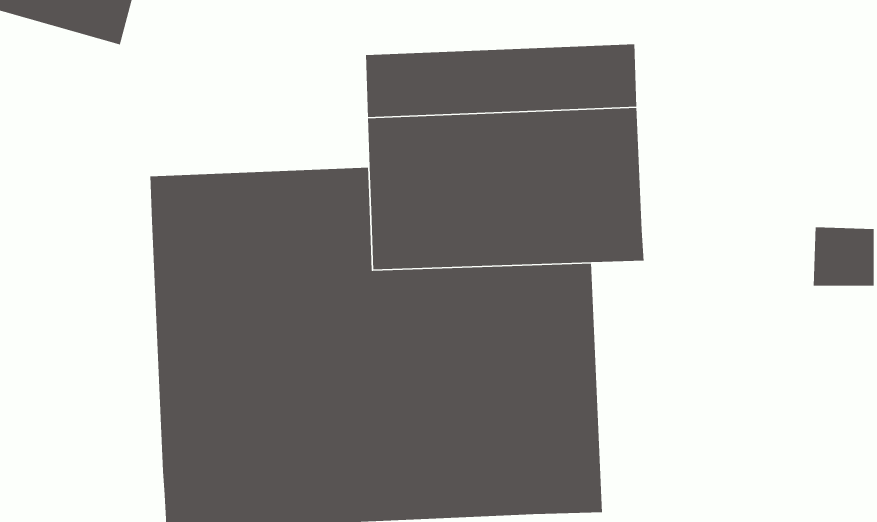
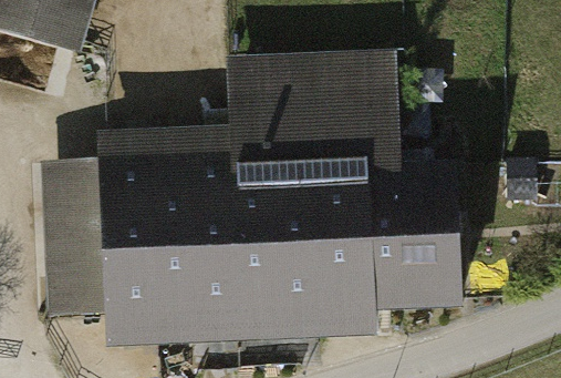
building: none -> [42,157,105,313]
building: none -> [367,161,461,310]

